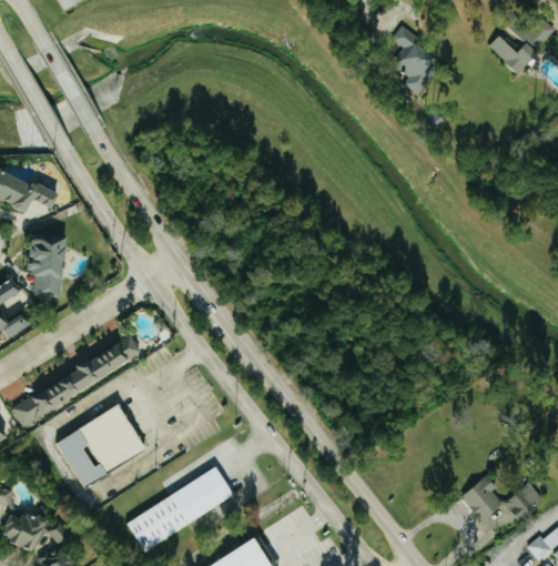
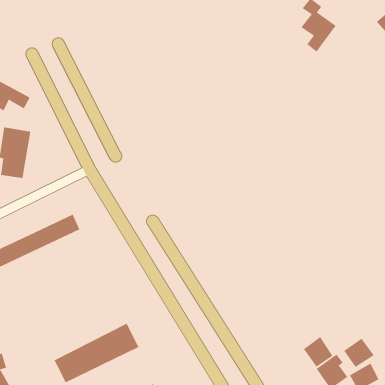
building: [55,405,145,486] -> none
building: none -> [344,338,374,368]
building: none -> [303,336,333,368]

